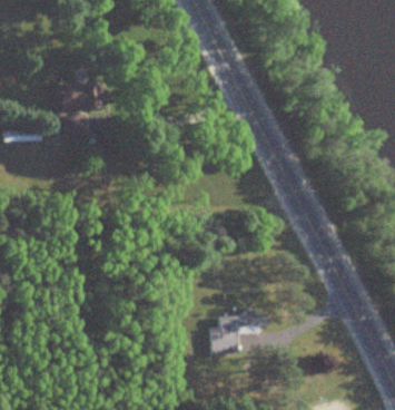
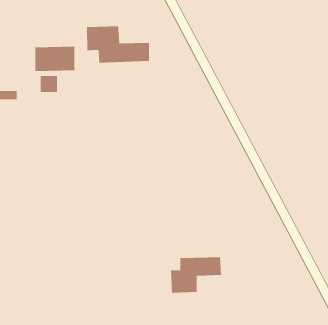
building: none -> [87,26,150,64]

